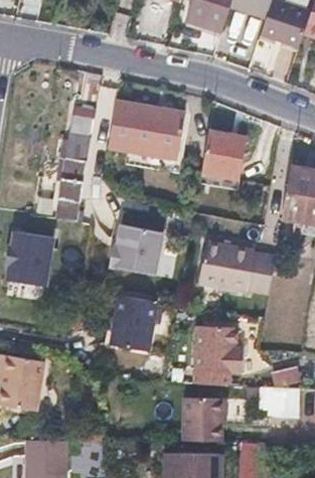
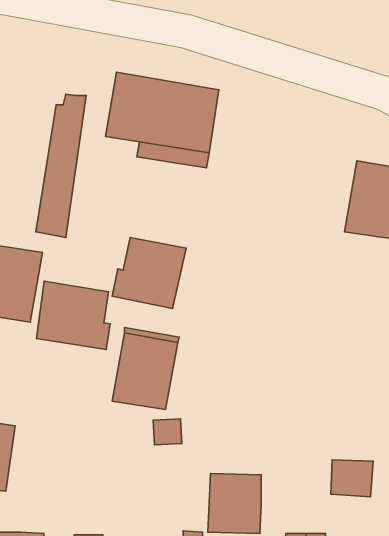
building: [204,130,247,179] -> none
building: [199,242,275,297] -> none
building: none -> [37,281,110,350]
building: [193,324,246,384] -> none

